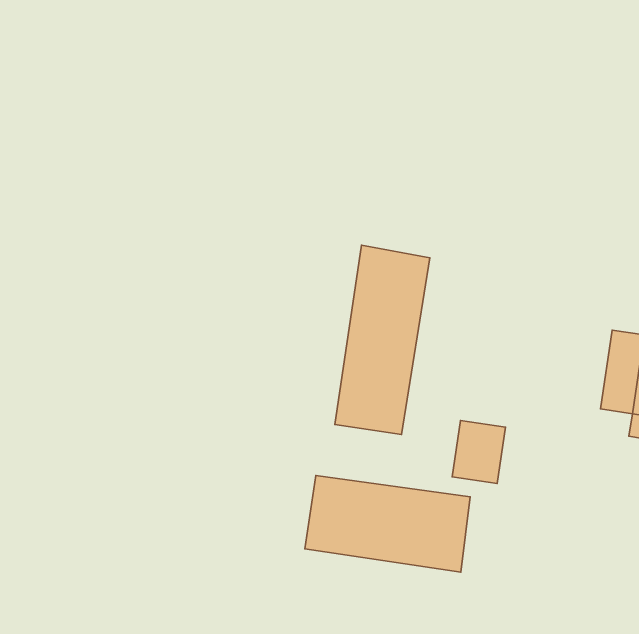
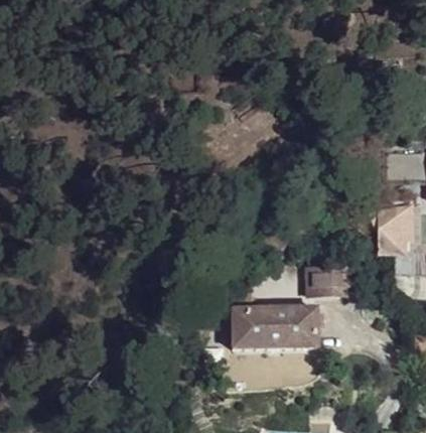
building: [335,245,430,435] -> none

